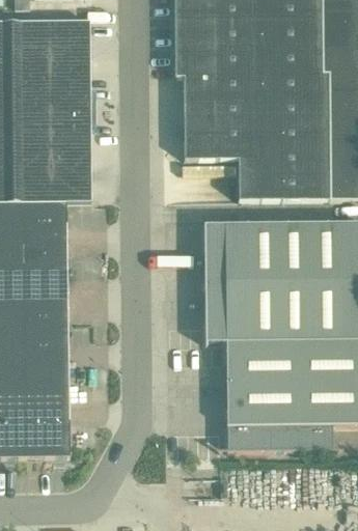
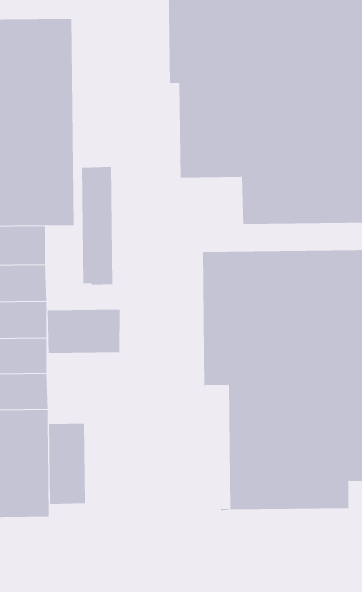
building: none -> [81,166,113,285]
building: none -> [47,309,120,354]
building: none -> [49,423,85,505]

